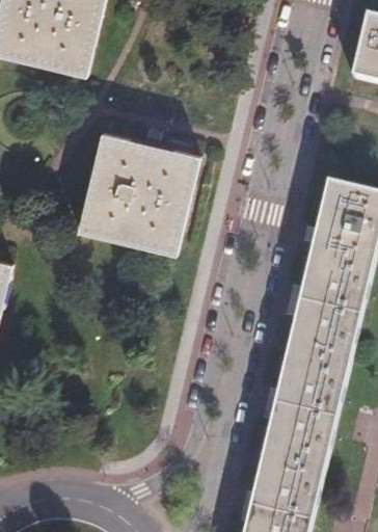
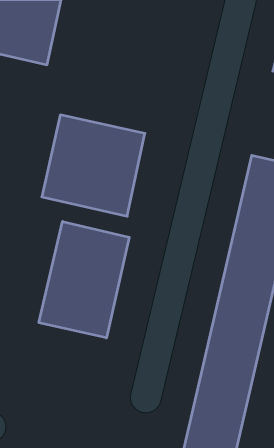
building: none -> [39,221,129,338]

